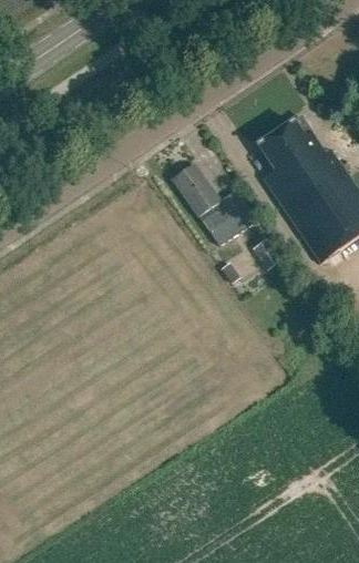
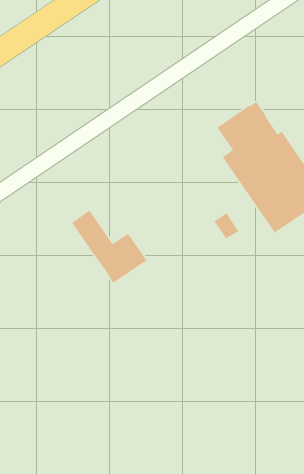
building: [174,164,257,245] -> [71,209,148,284]

